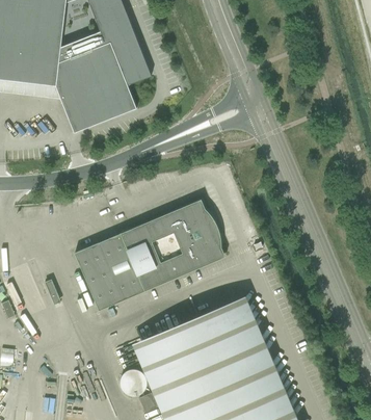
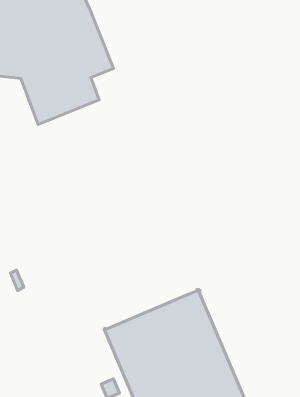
building: [75,200,226,311] -> none

